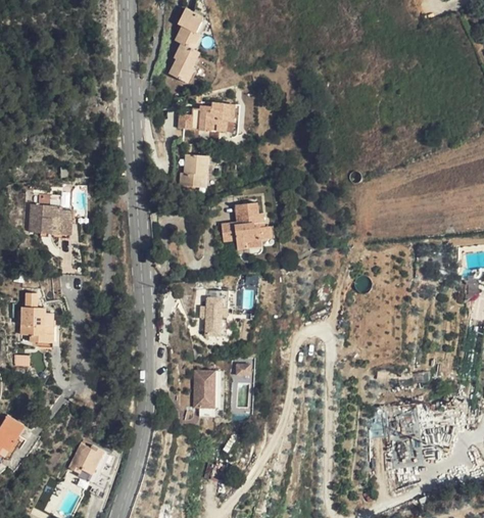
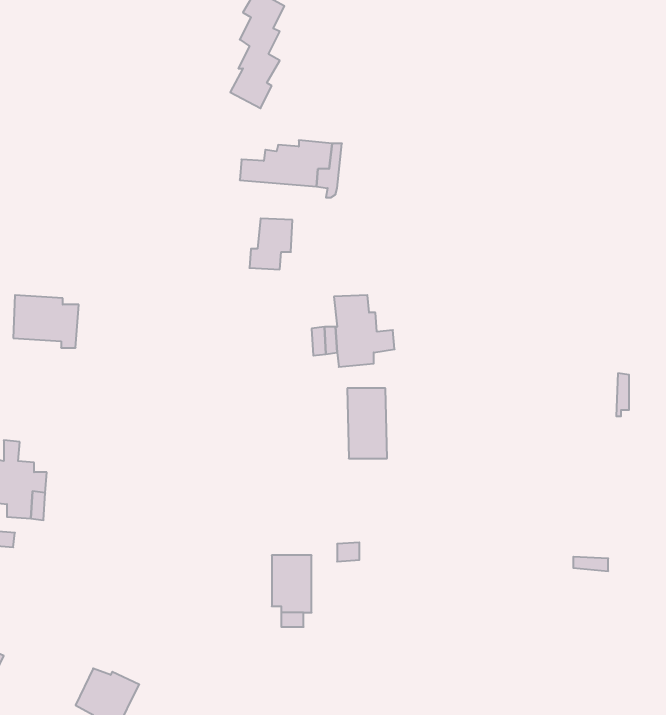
building: [202,289,228,334] -> [347,388,387,458]

